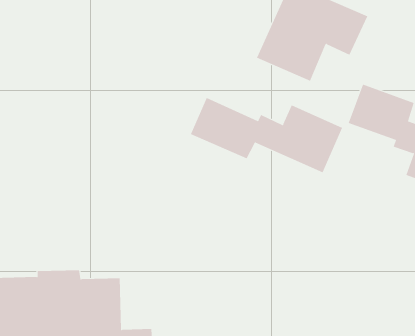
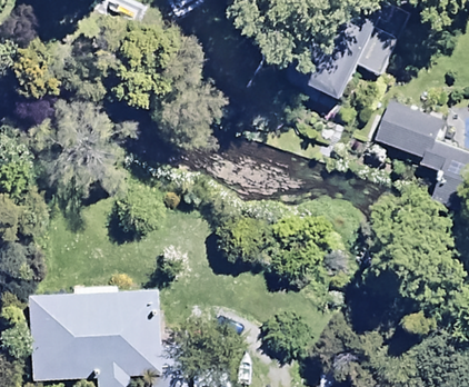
building: [190,97,343,173] -> none

